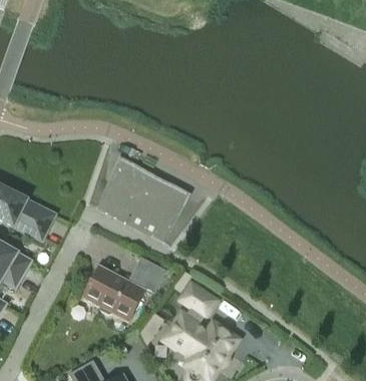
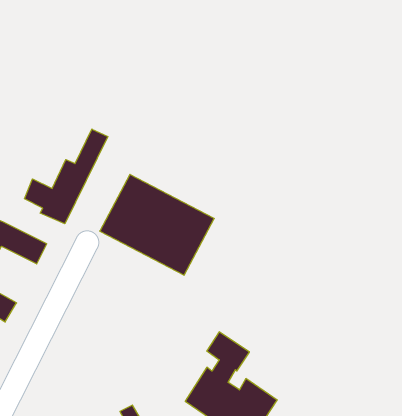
building: none -> [24,129,108,224]
building: [82,258,164,322] -> none

